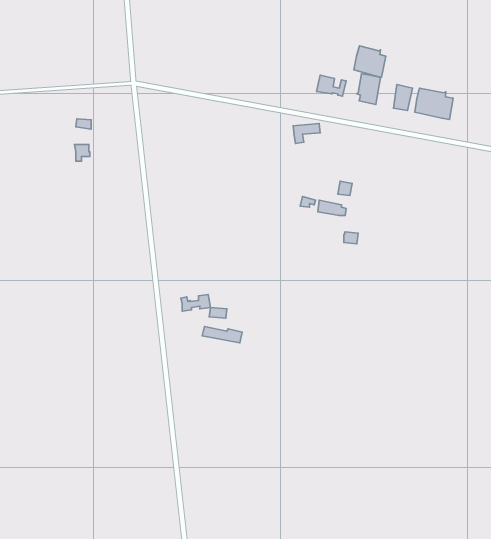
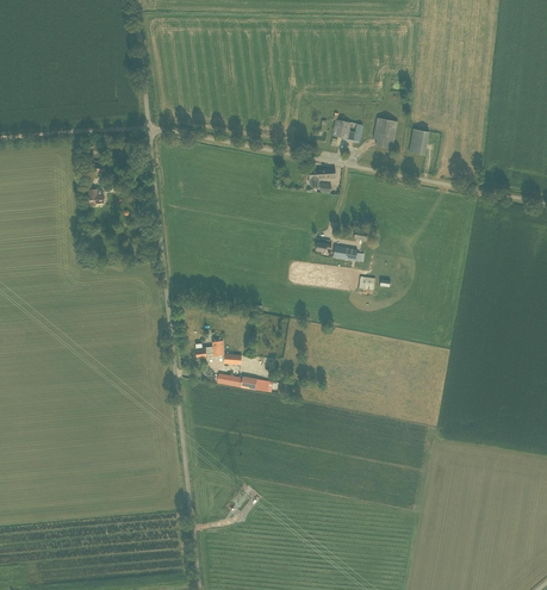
building: [354,46,386,77] -> none
building: [415,88,453,120] -> none

